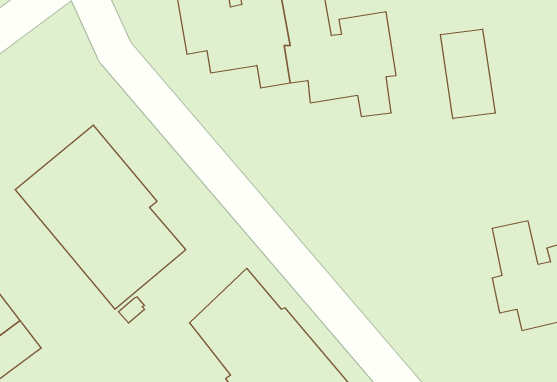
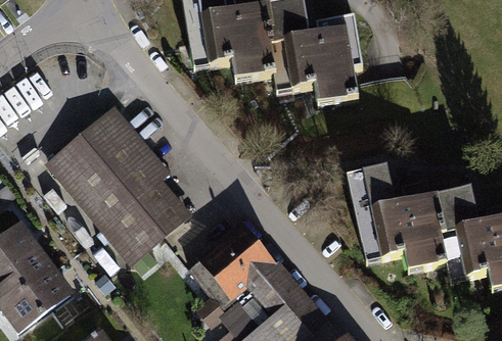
building: [441,29,495,119] -> none
building: none -> [347,166,449,269]

